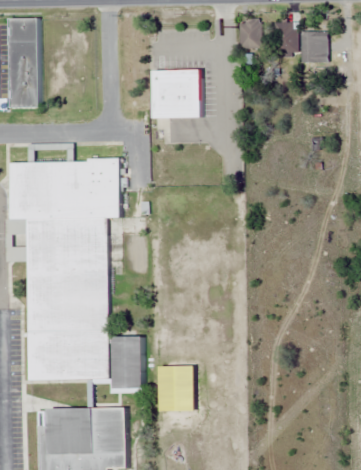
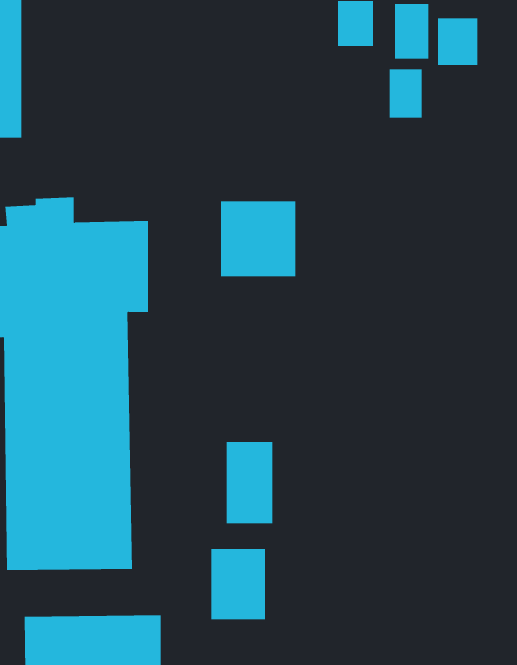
building: none -> [389,68,422,118]
building: [152,70,200,118] -> [220,201,296,277]
building: [113,337,143,389] -> [226,441,273,524]

